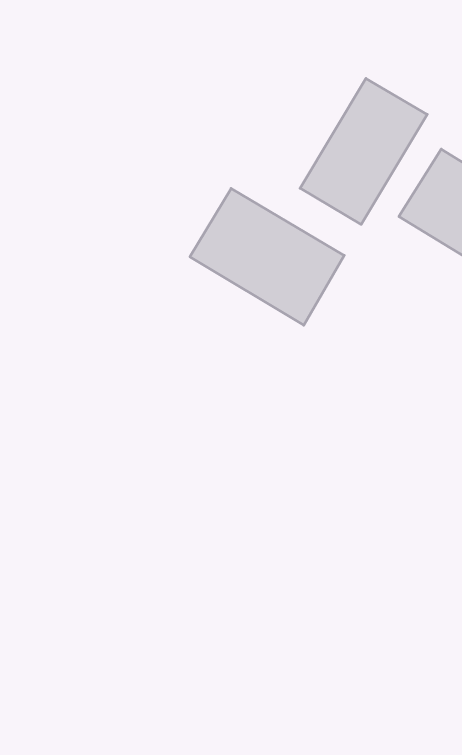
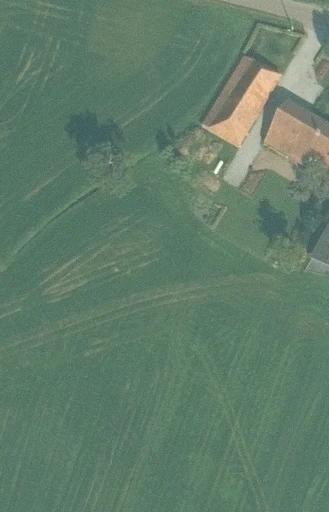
building: [190,188,344,325] -> none

